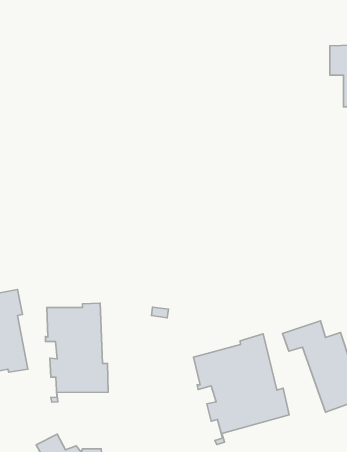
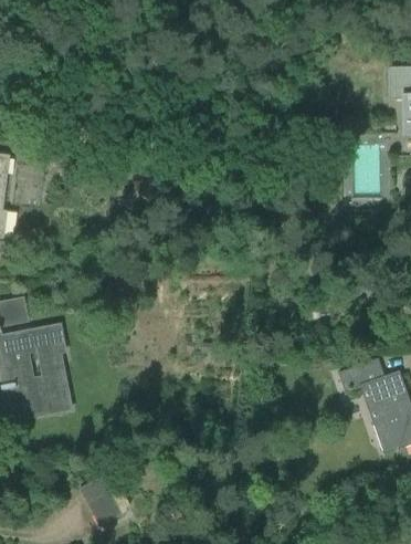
building: [46,303,108,402] -> none
building: [194,334,289,444] -> none

